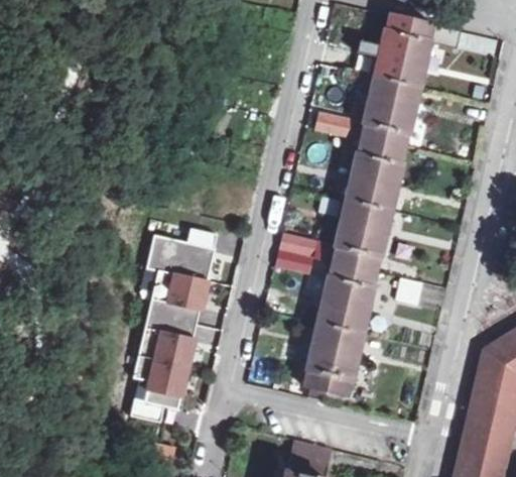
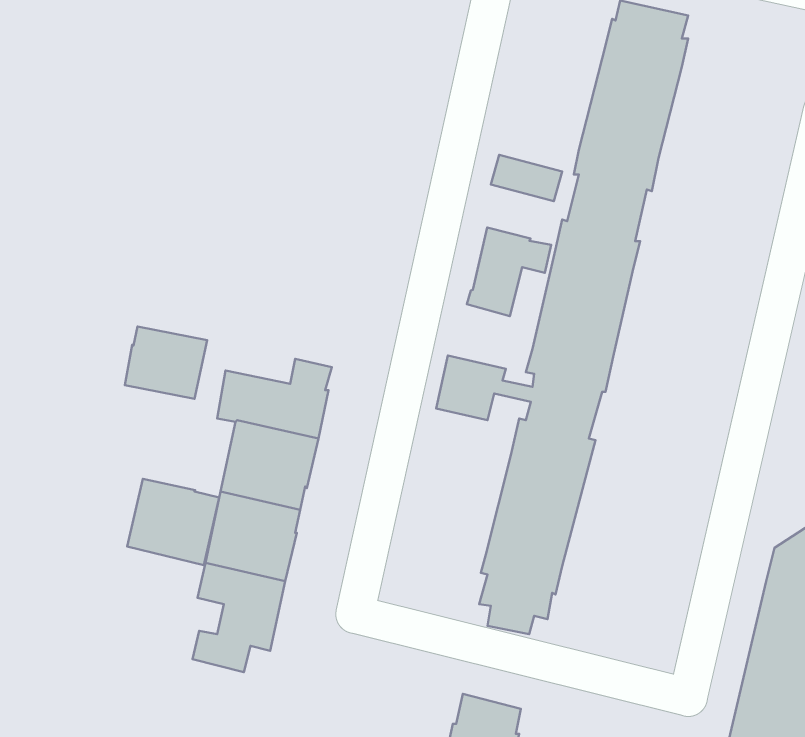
building: none -> [467,227,551,316]
building: none -> [125,326,207,399]
building: none -> [127,479,219,565]

